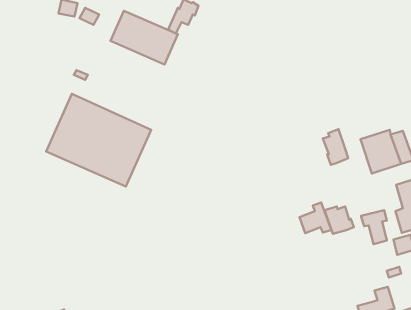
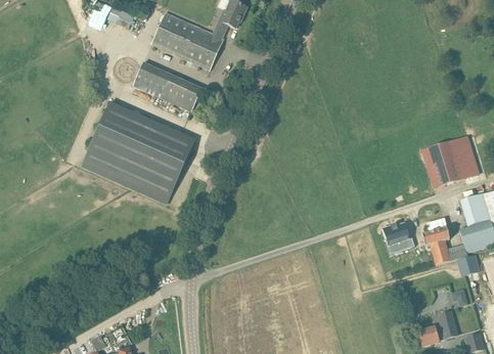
building: none -> [133,62,203,112]
building: [323,129,348,165] -> none
building: [300,203,331,233] -> none

